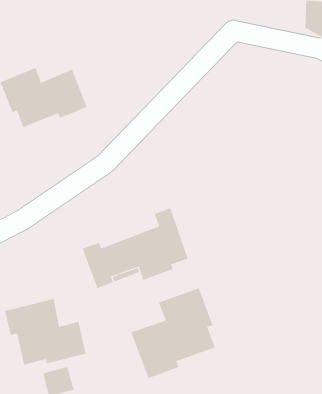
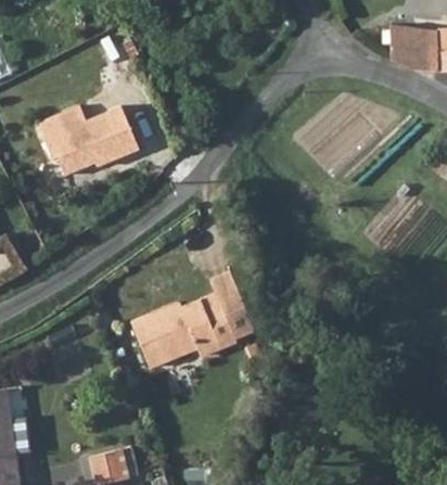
building: [131,288,216,379] -> none
building: [5,298,86,365] -> none

